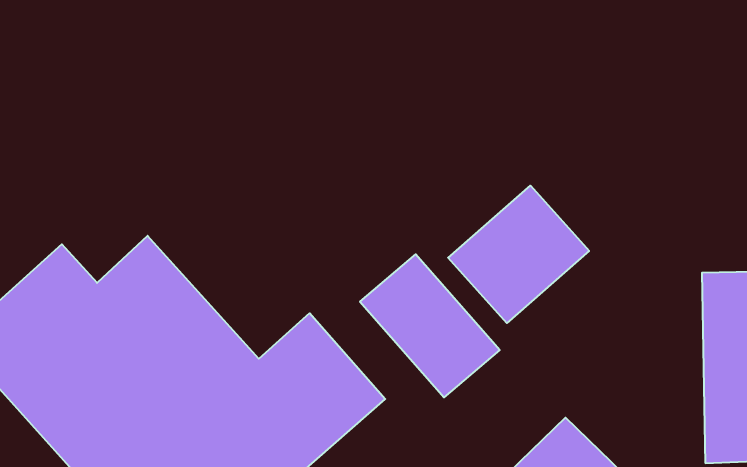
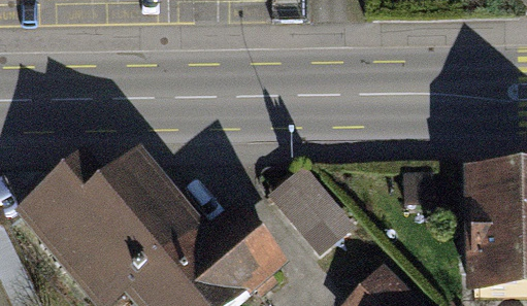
building: [448,186,589,323] -> none

